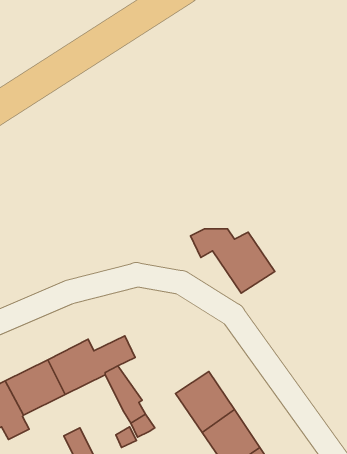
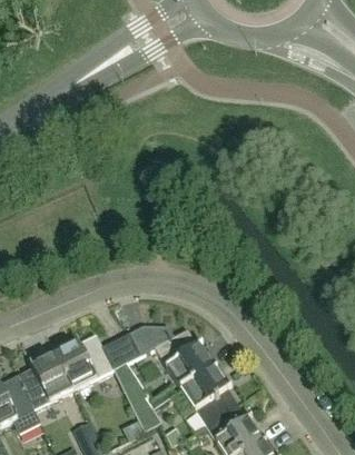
building: [191,229,275,293] -> [132,325,214,387]

